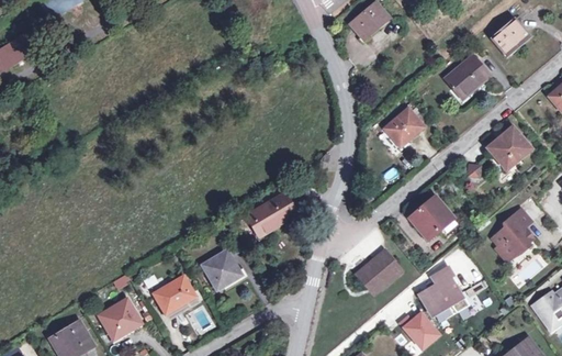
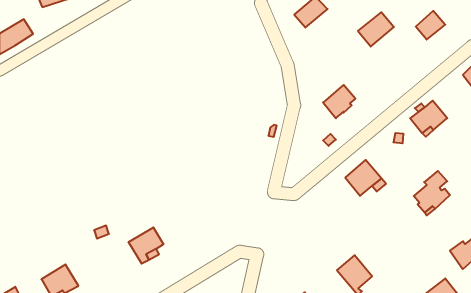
building: [446,56,488,97] -> [358,12,394,47]
building: [245,191,296,237] -> none
building: [202,251,240,287] -> none
building: [358,251,400,291] -> none
building: [419,266,462,314] -> none
building: [99,299,140,340] -> none

